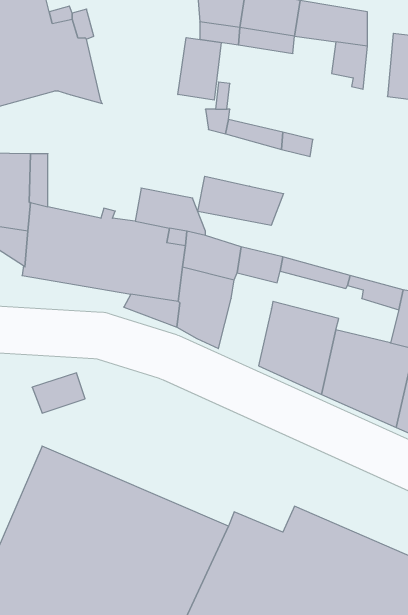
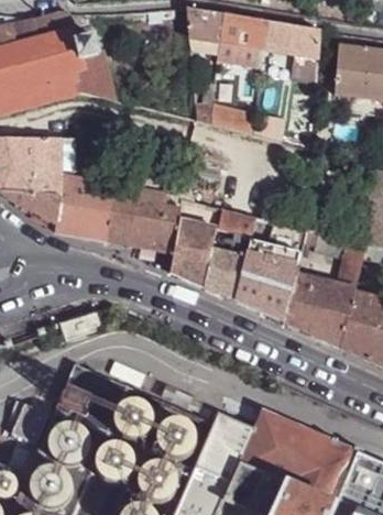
building: [178,38,221,100] -> none
building: [198,176,284,225] -> none
building: none -> [205,251,245,303]

